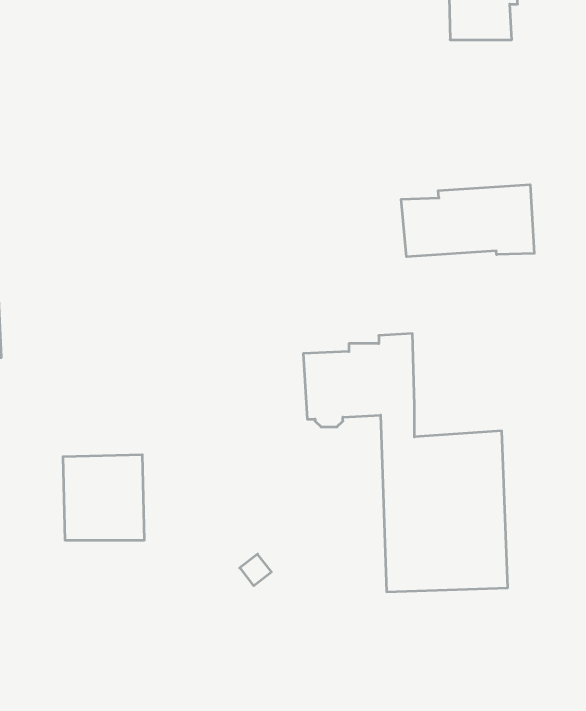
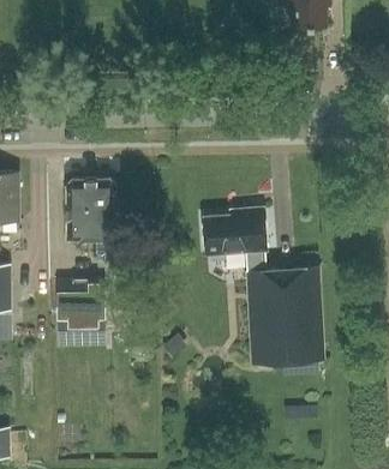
building: [401,185,534,257] -> none
building: none -> [65,178,119,260]

